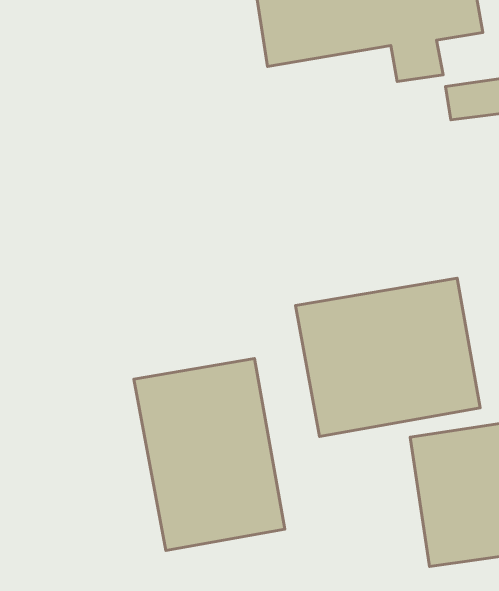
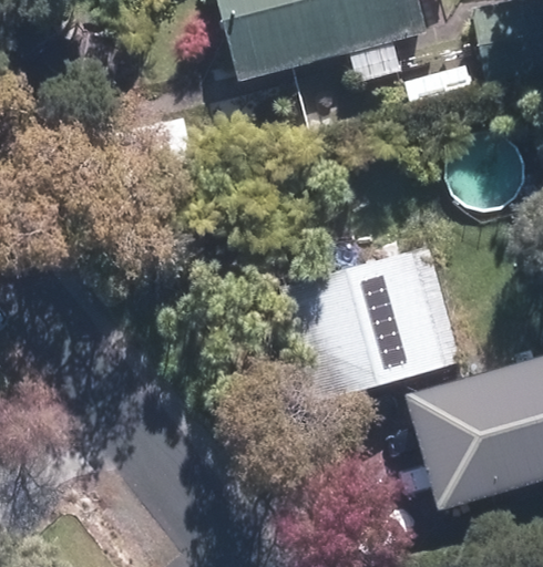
building: [134,359,285,550] -> none

